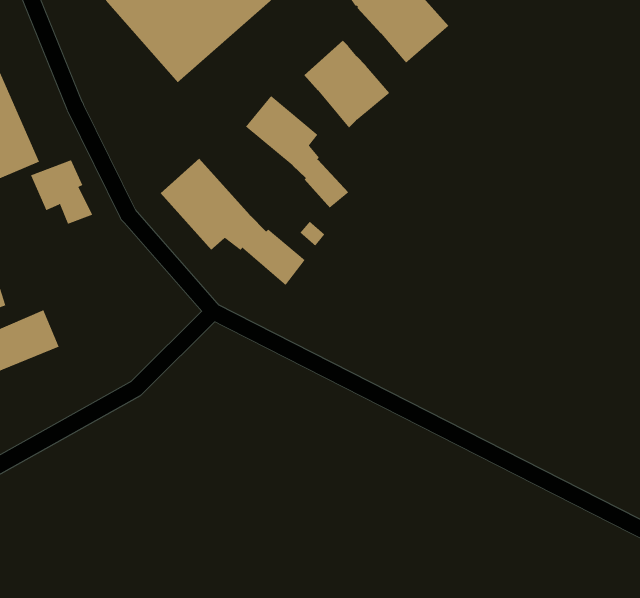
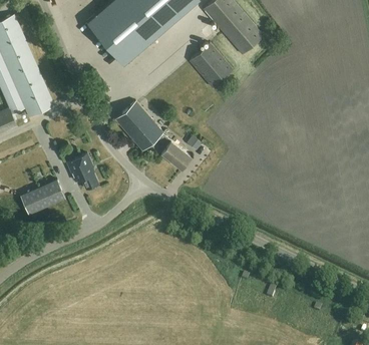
building: [245,95,349,208] -> none
building: [30,160,93,225] -> [66,155,98,189]

